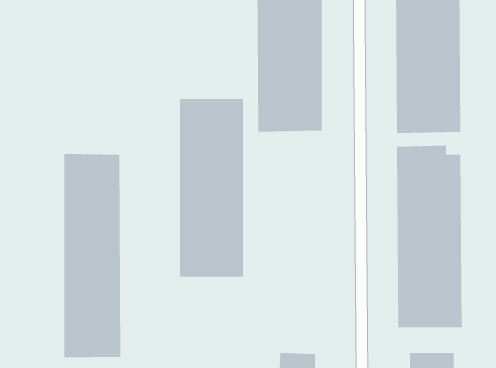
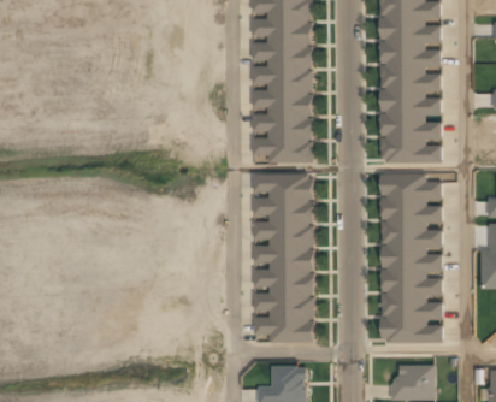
building: [179,98,244,277] -> [253,175,313,341]
building: [64,153,121,358] -> none

